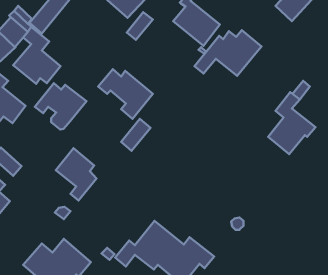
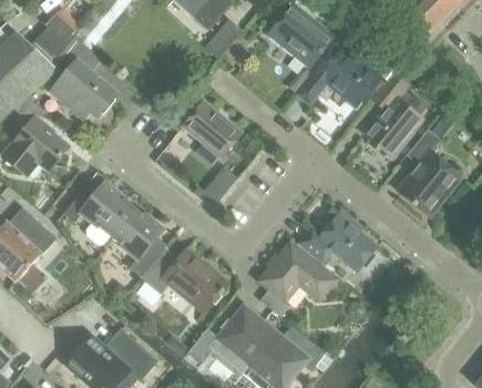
building: none -> [362,71,421,157]
building: [35,83,86,130] -> [63,181,133,244]
building: none -> [298,213,377,270]
building: none -> [257,242,335,316]
building: none -> [140,246,227,312]

